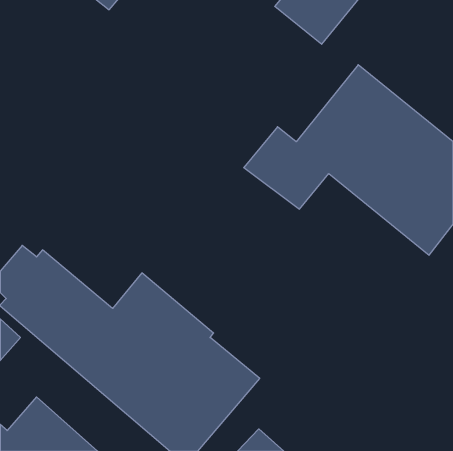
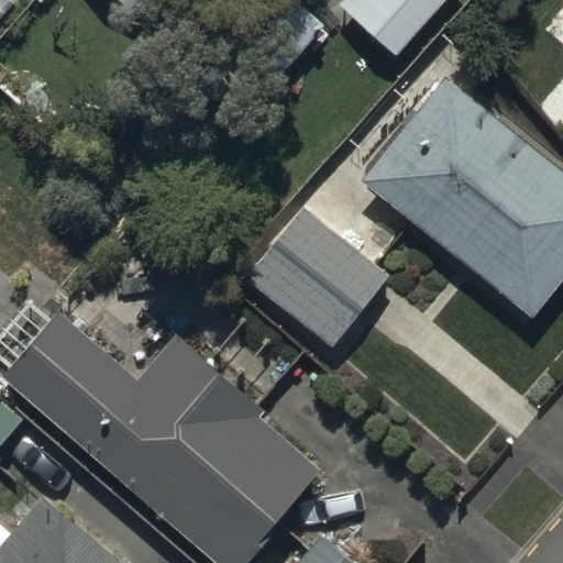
building: none -> [249,208,391,344]

